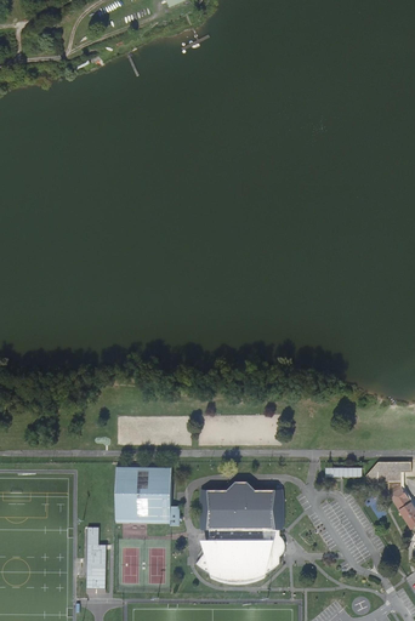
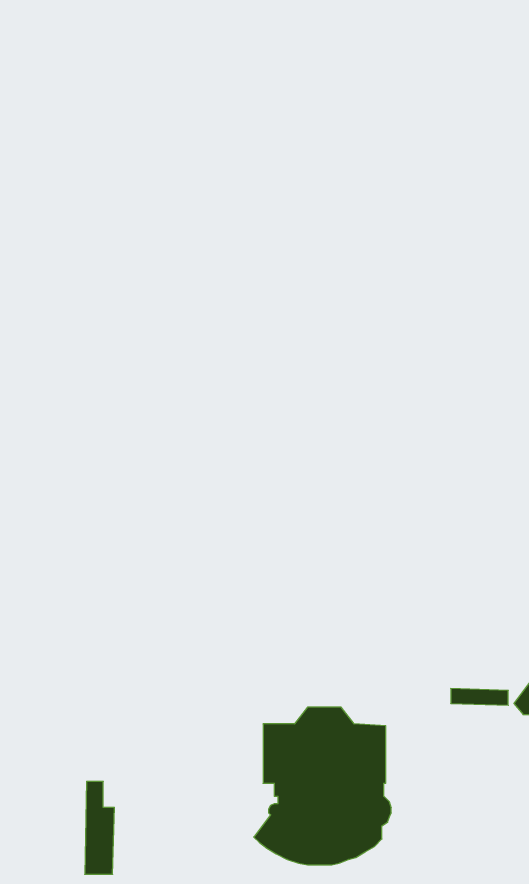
building: [116,463,182,525] -> none

